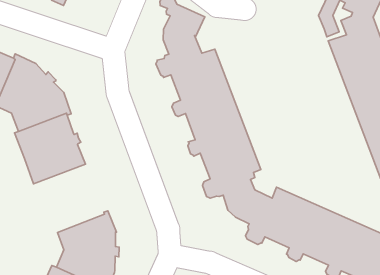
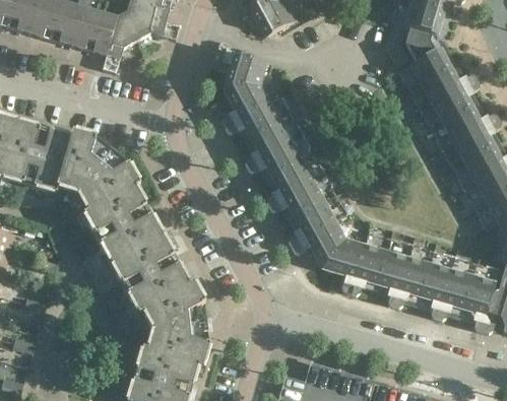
building: none -> [111,235,190,313]

